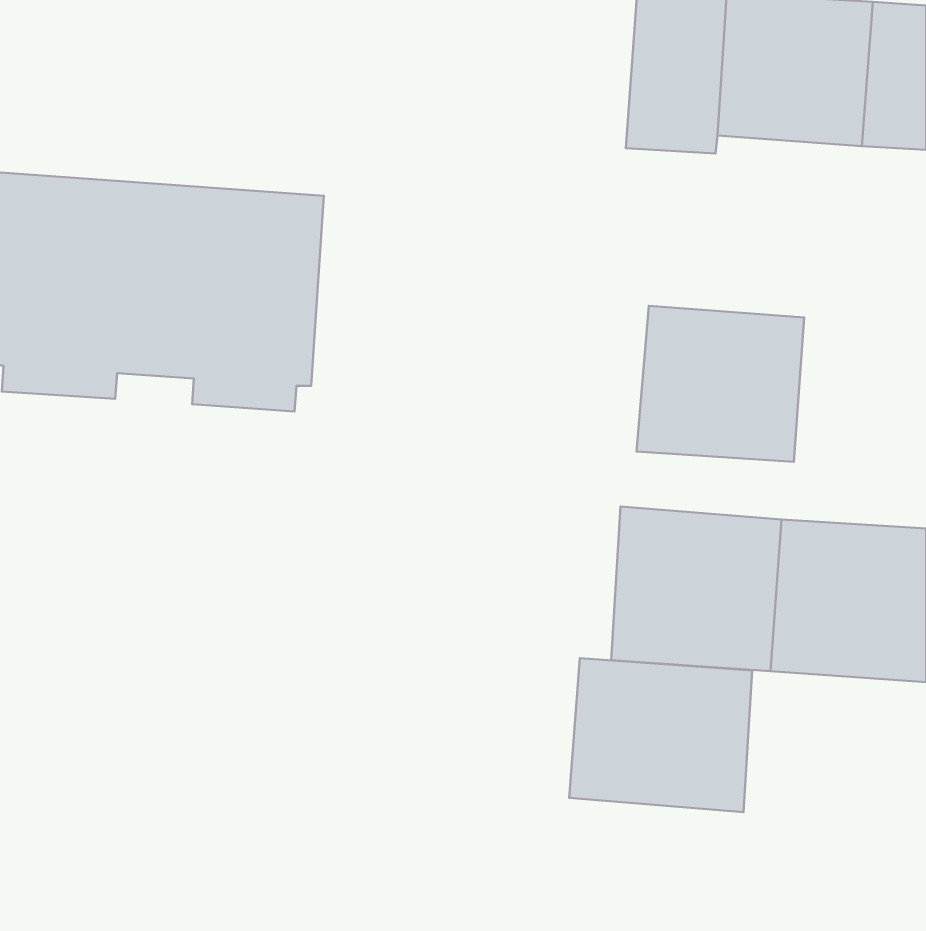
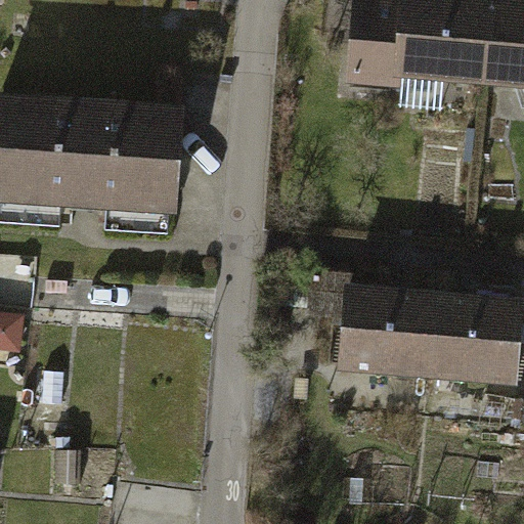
building: [636,306,804,462] -> none
building: [569,658,752,812] -> none

